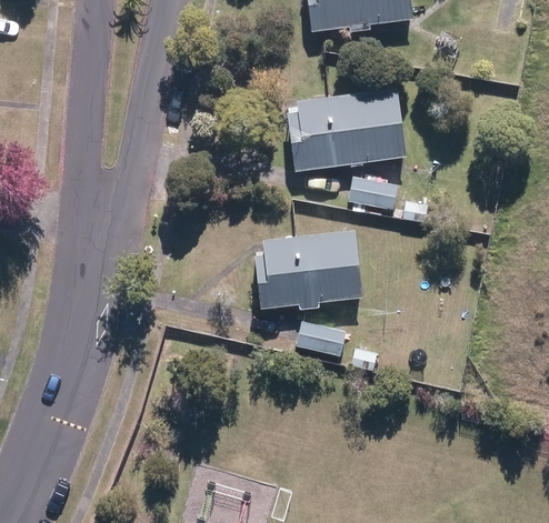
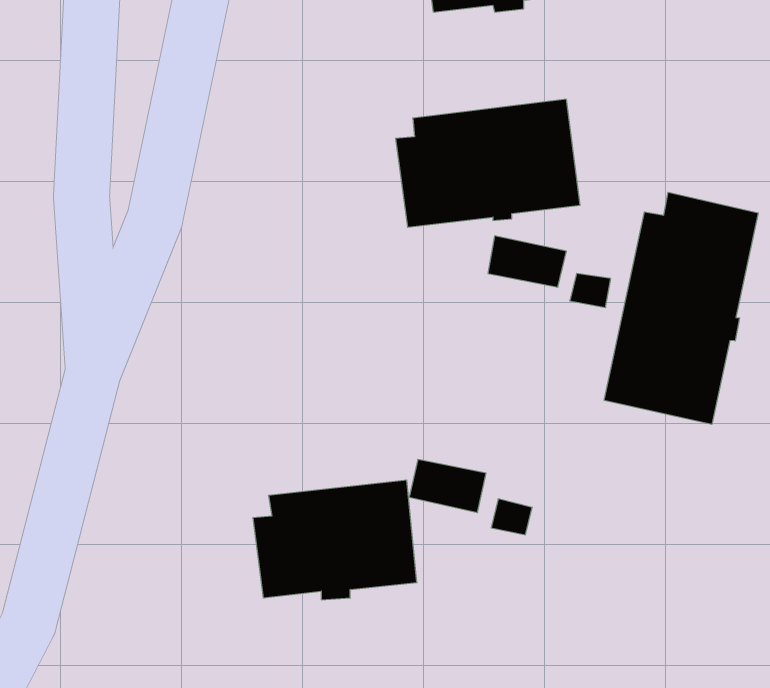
building: none -> [604,192,758,424]
building: [256,231,362,309] -> [253,480,417,600]

